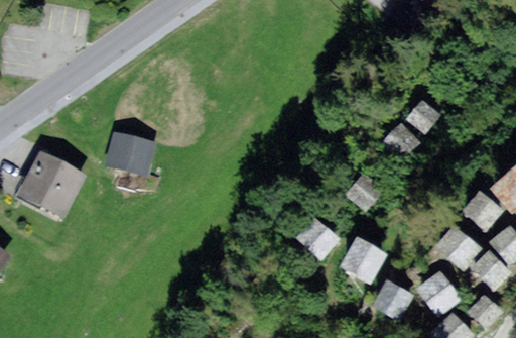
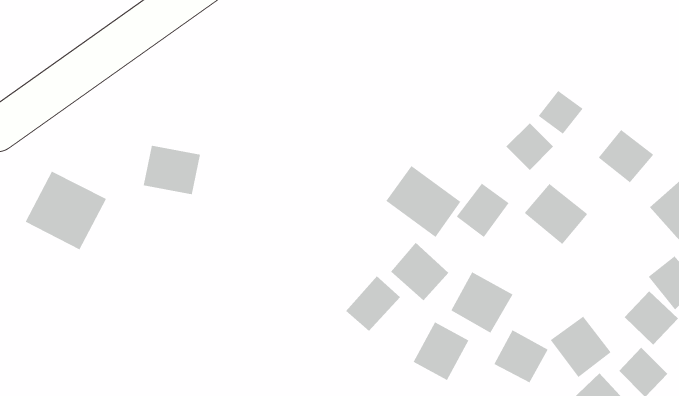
building: none -> [386,165,461,238]
building: [462,189,504,229] -> [598,129,654,183]
building: [434,222,483,268] -> [524,183,588,245]
building: none -> [345,276,401,332]
building: none -> [413,321,469,381]

